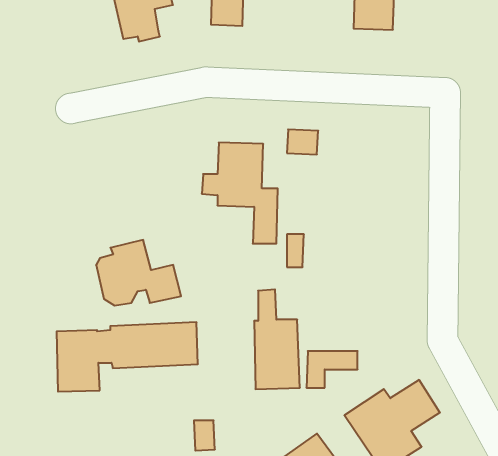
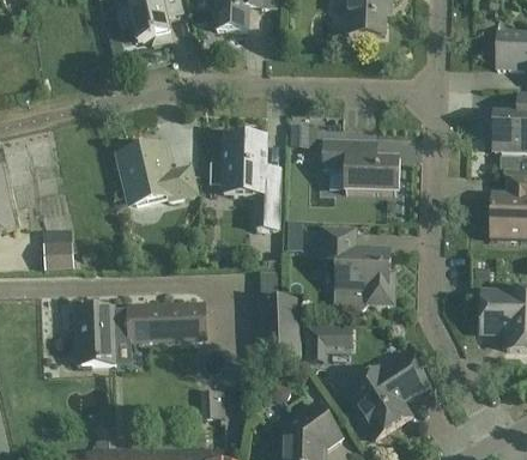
building: none -> [323,139,398,192]
building: [96,240,181,305] -> [117,141,195,201]
building: none -> [322,228,393,309]
building: none -> [43,241,73,268]

